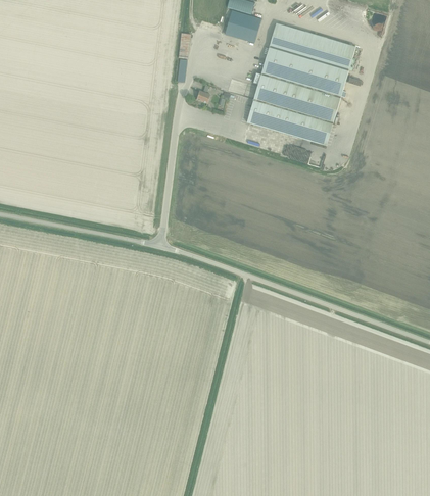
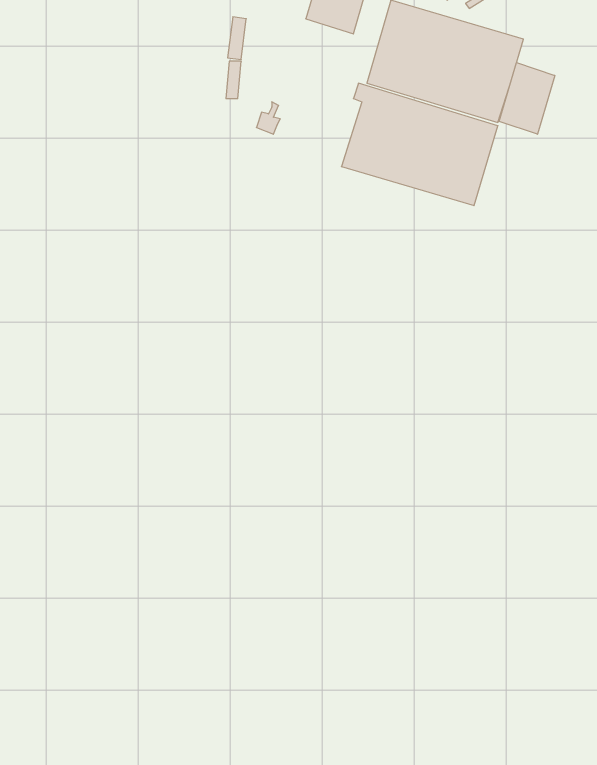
building: none -> [499,63,555,134]

